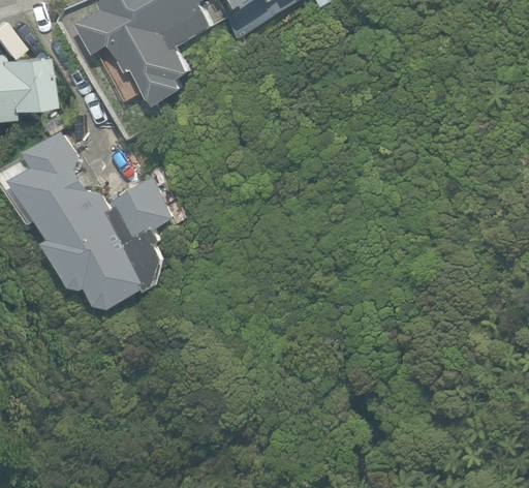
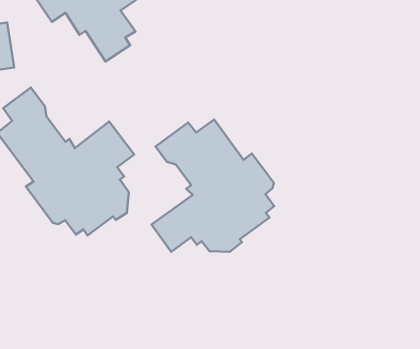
building: none -> [152,120,274,252]

